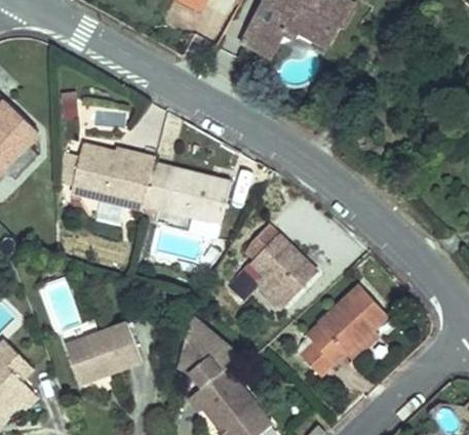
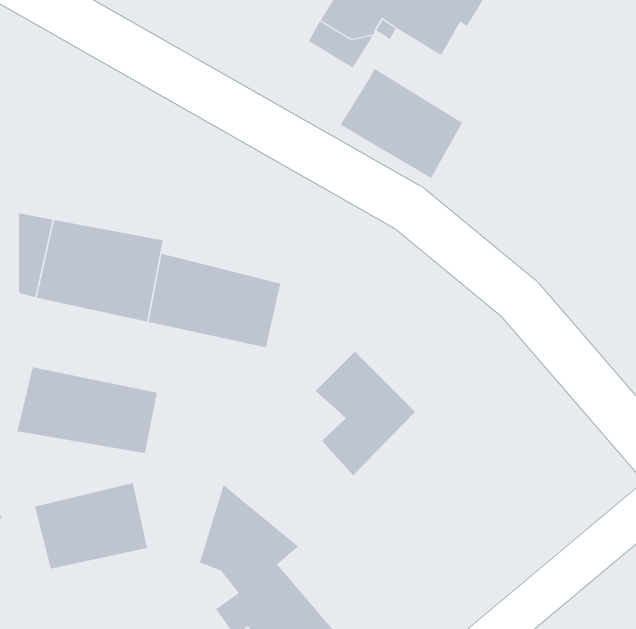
building: none -> [340,68,463,179]
building: none -> [17,367,157,454]
building: [289,281,389,375] -> none

